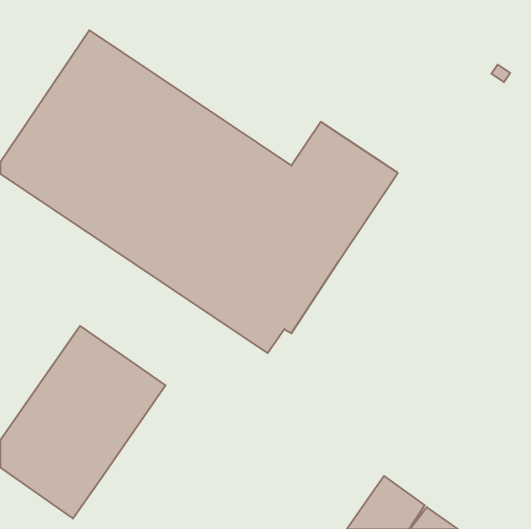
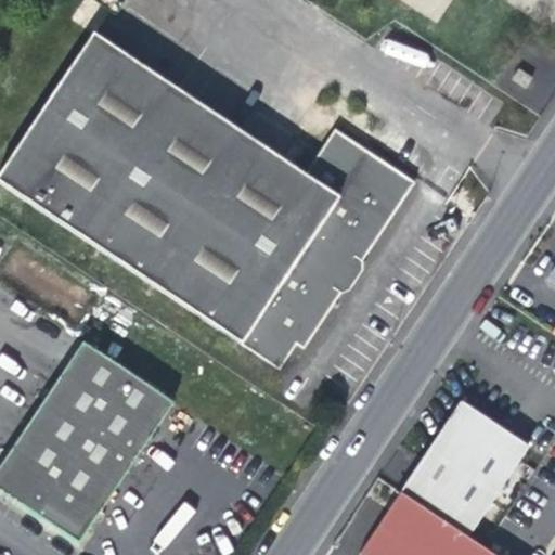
building: none -> [401,399,529,535]

